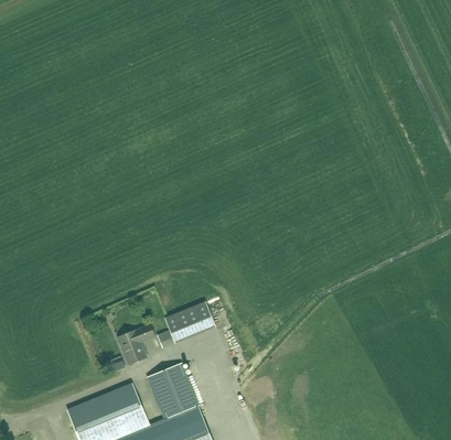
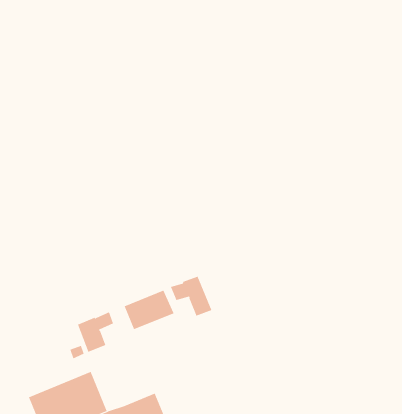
building: none -> [170,276,212,316]
building: [147,363,197,419] -> none

